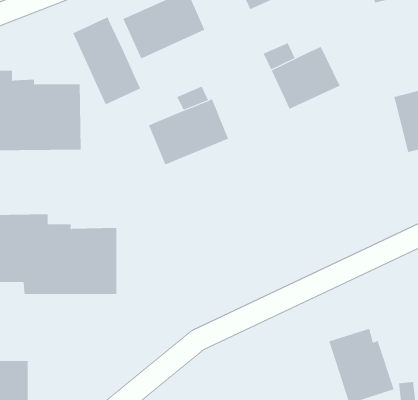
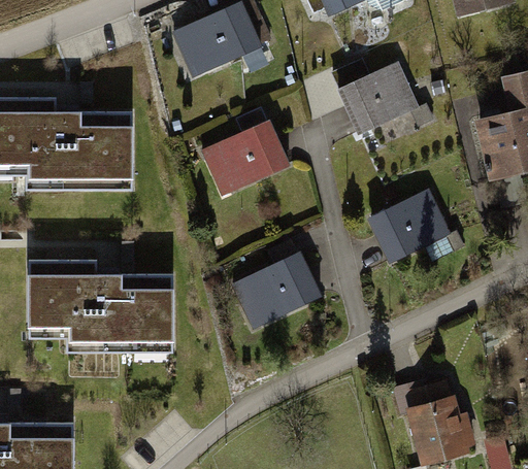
building: [73,16,141,105] -> none
building: none -> [365,187,446,259]
building: none -> [228,247,319,326]

